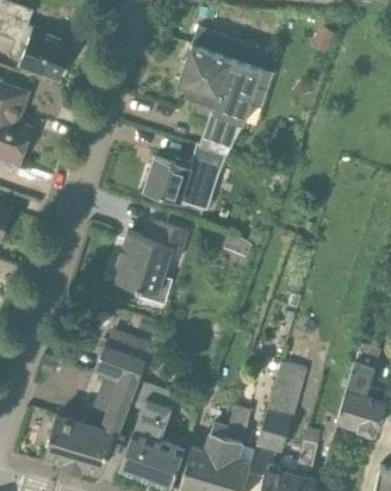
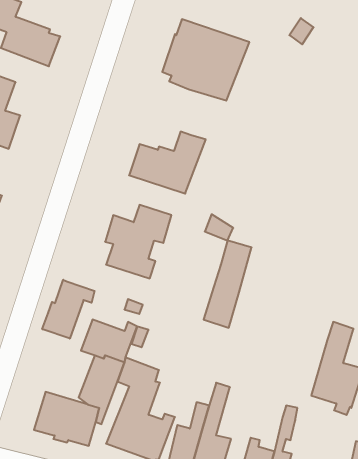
building: [200,101,246,154] -> none
building: none -> [42,280,95,339]
building: [256,362,306,453] -> [204,241,252,328]

